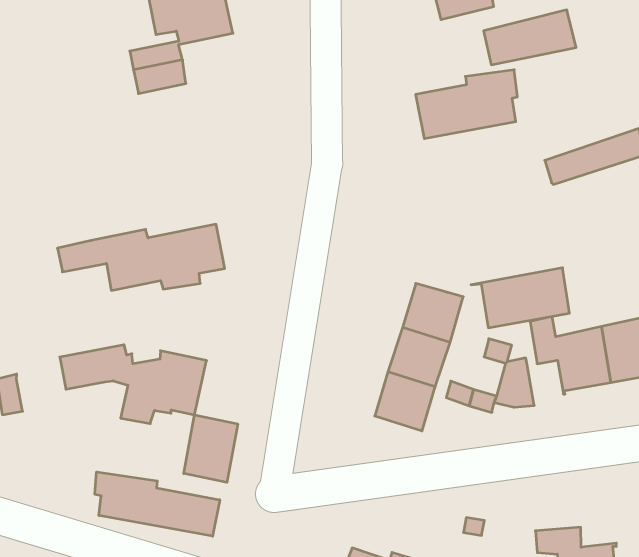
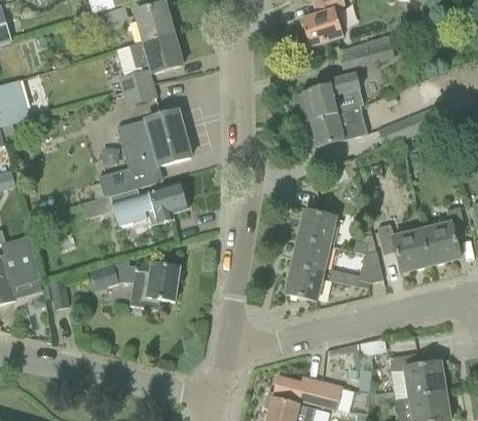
building: none -> [99,109,190,197]
building: [471,268,569,328] -> [304,106,366,146]
building: [184,415,238,482] -> none
building: [95,472,220,536] -> none

